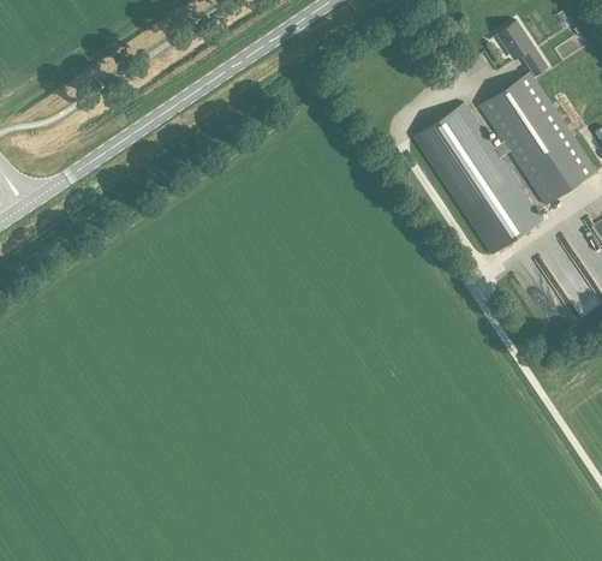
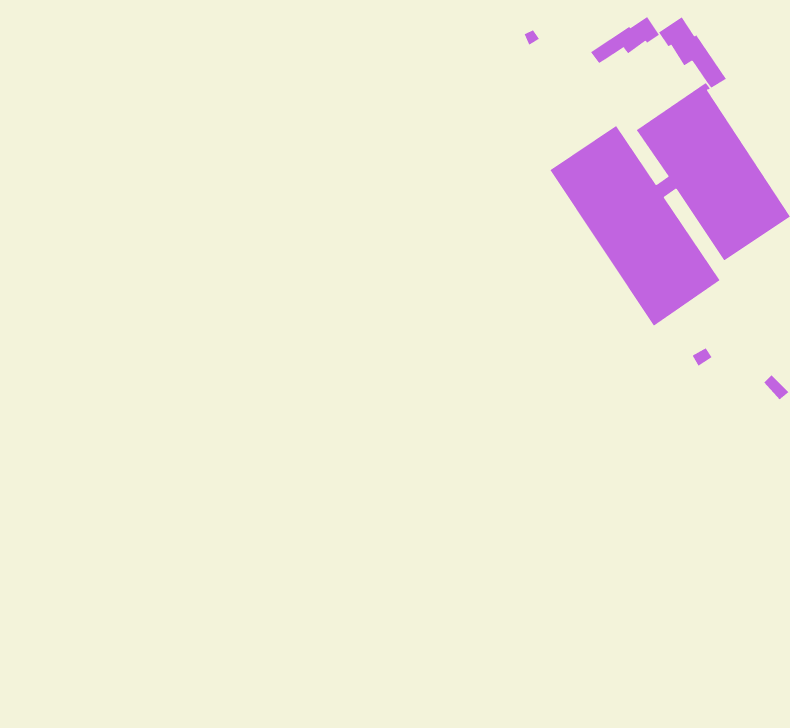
building: none -> [590,16,660,64]

